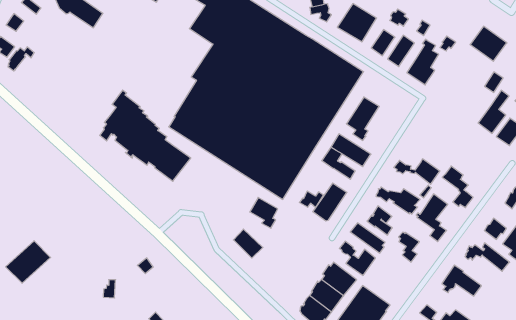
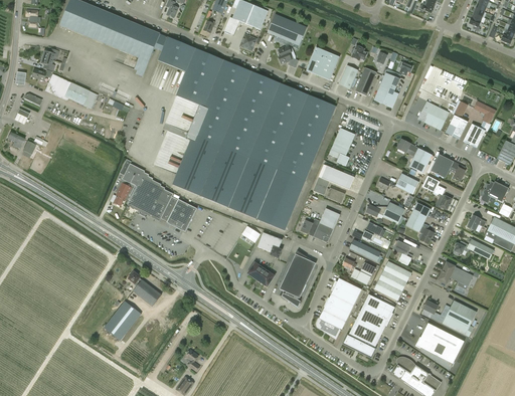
building: [470,26,507,61] -> [417,101,450,130]
building: none -> [396,139,432,173]
building: none -> [431,154,465,180]
building: none -> [129,271,161,306]
building: none -> [280,253,316,305]
building: [6,241,51,283] -> [104,301,142,340]
building: none -> [374,260,411,301]

